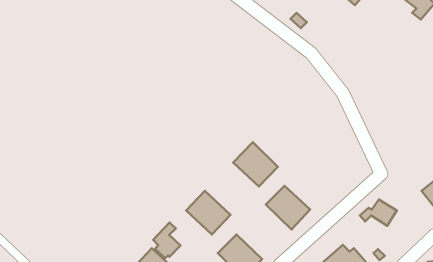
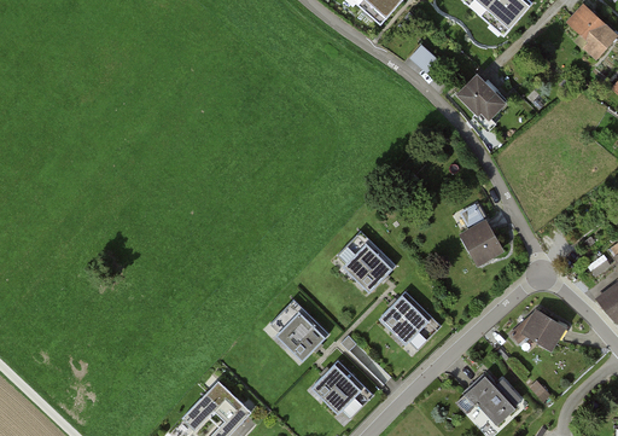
building: none -> [455,75,506,127]
building: none -> [456,220,502,269]
building: [153,223,181,258] -> none

